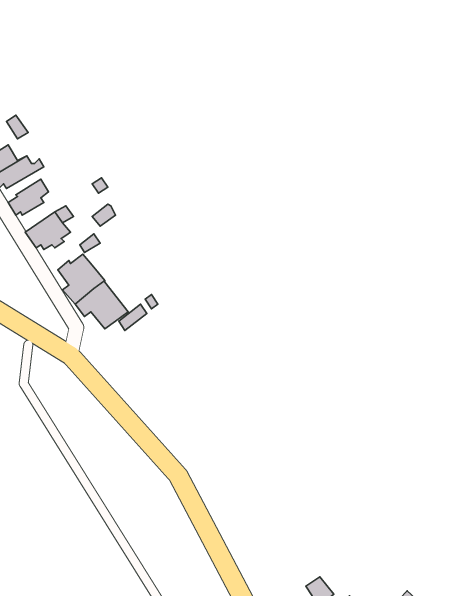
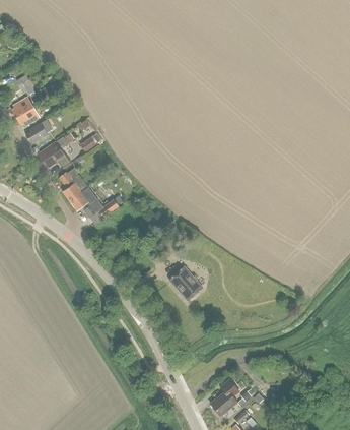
building: none -> [167,264,202,299]

